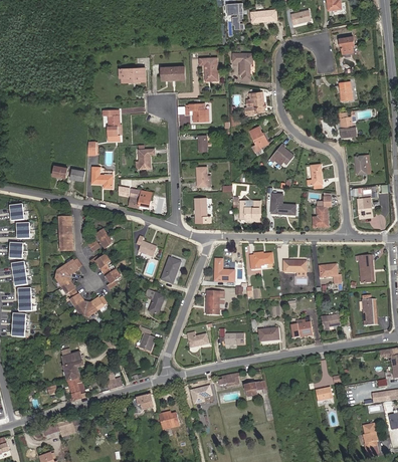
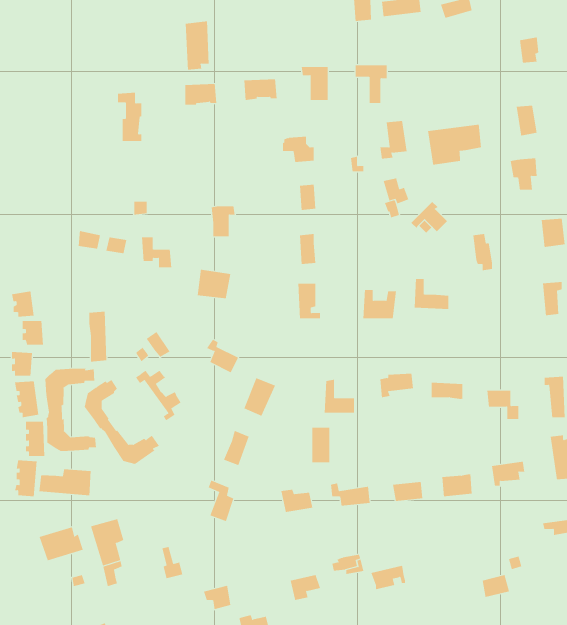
building: none -> [185,20,209,70]
building: none -> [427,124,482,166]
building: [105,106,121,139] -> [117,92,142,142]
building: [312,196,331,227] -> none
building: none -> [45,368,96,452]
building: none -> [39,469,91,496]
building: none -> [39,527,83,561]

